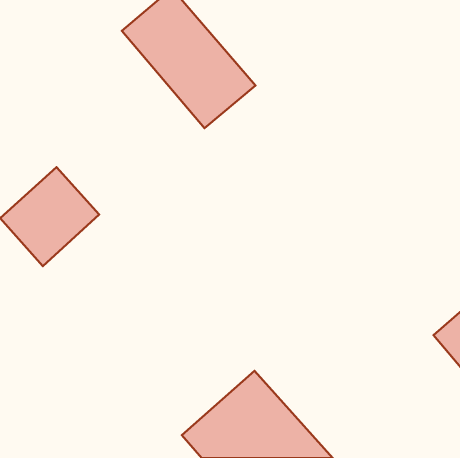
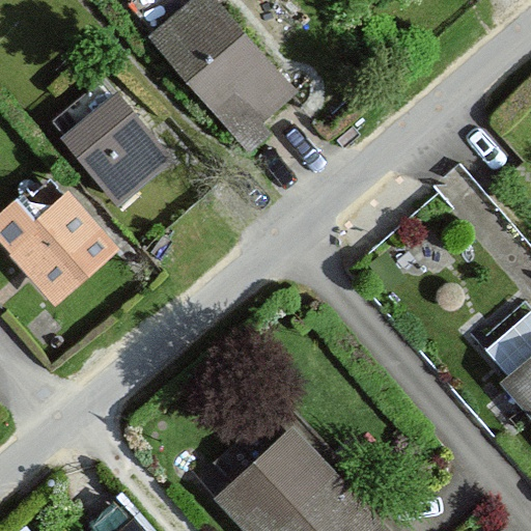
building: none -> [61,91,170,201]

